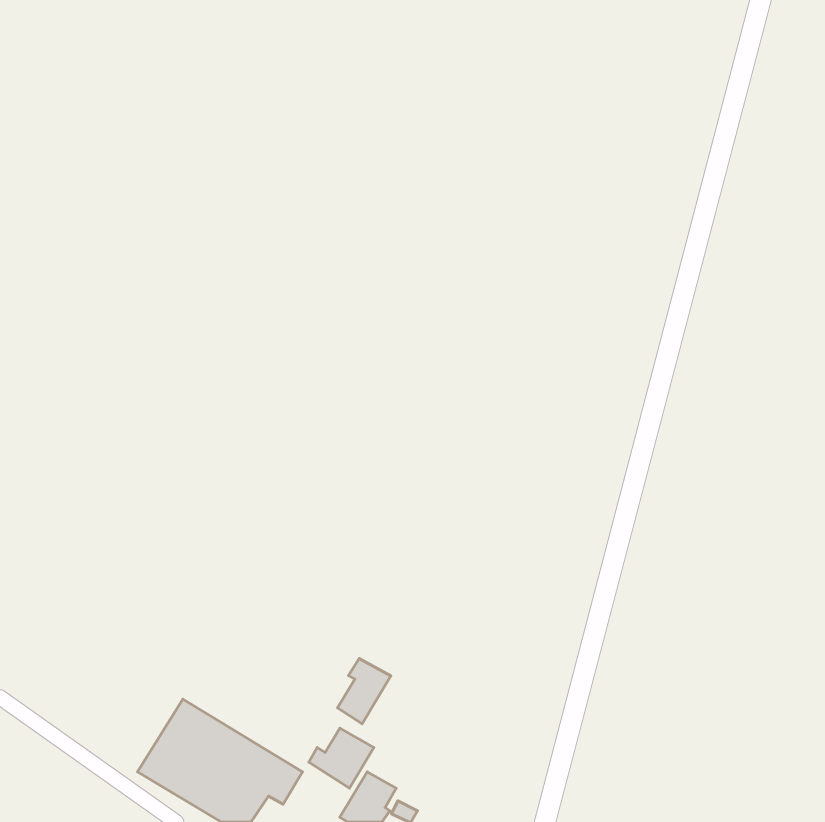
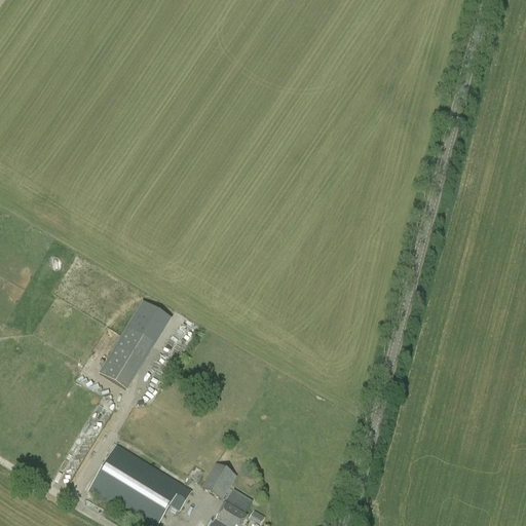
building: none -> [100,299,171,390]
building: [337,659,391,724] -> none

